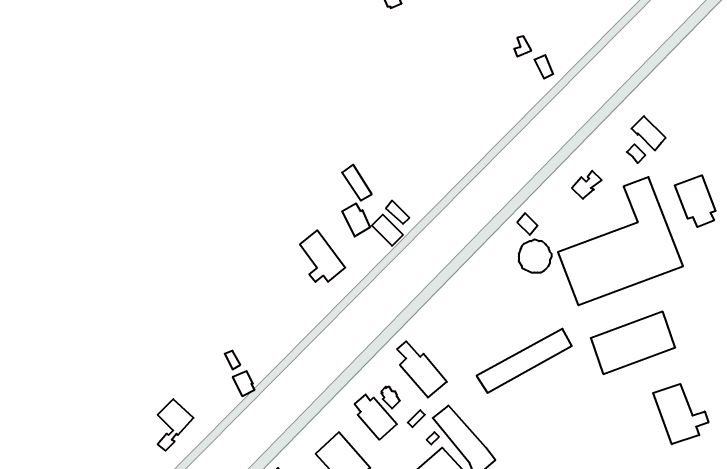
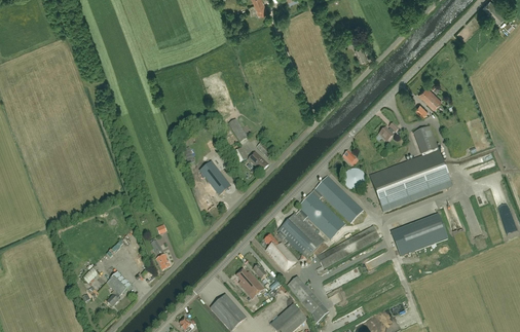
building: [675,175,716,227] -> none
building: none -> [277,175,363,258]
building: [653,384,708,444] -> none

